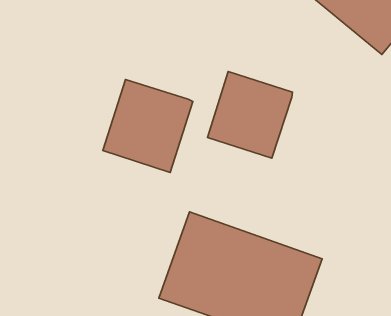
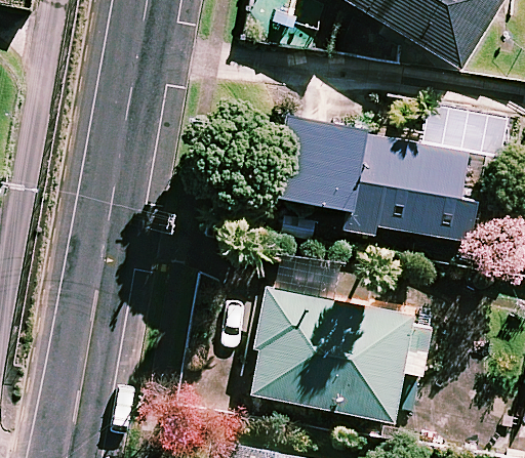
building: [103,80,193,172] -> none
building: none -> [361,136,477,241]

